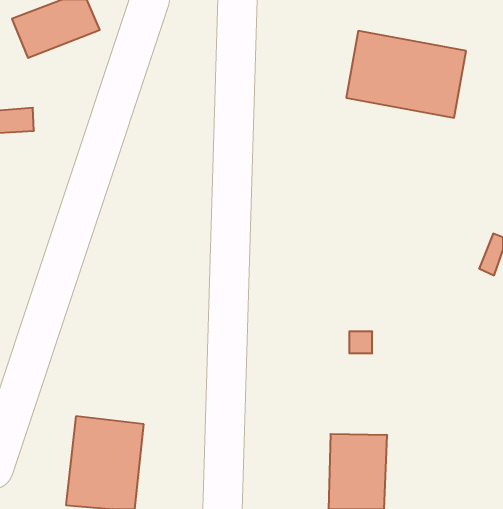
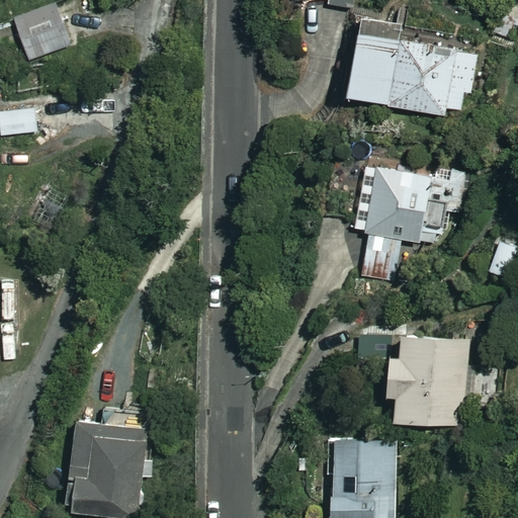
building: none -> [355,164,459,275]
building: none -> [392,335,465,426]

